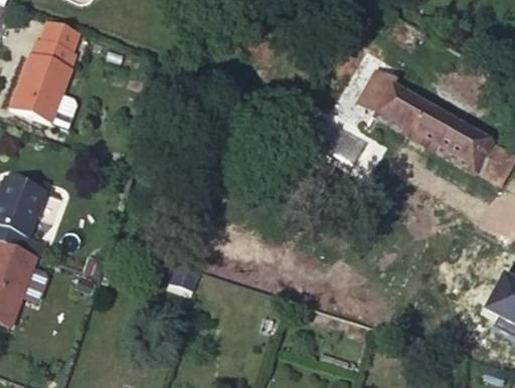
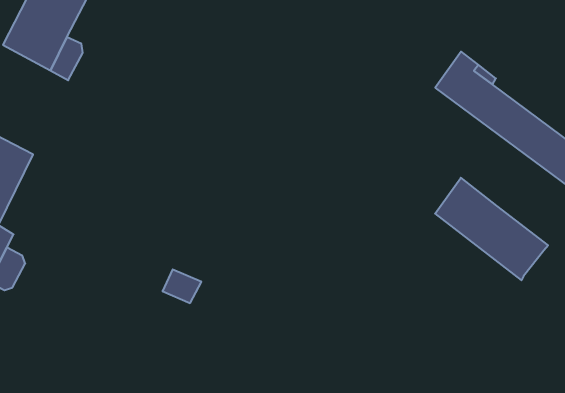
building: none -> [435,178,548,280]

